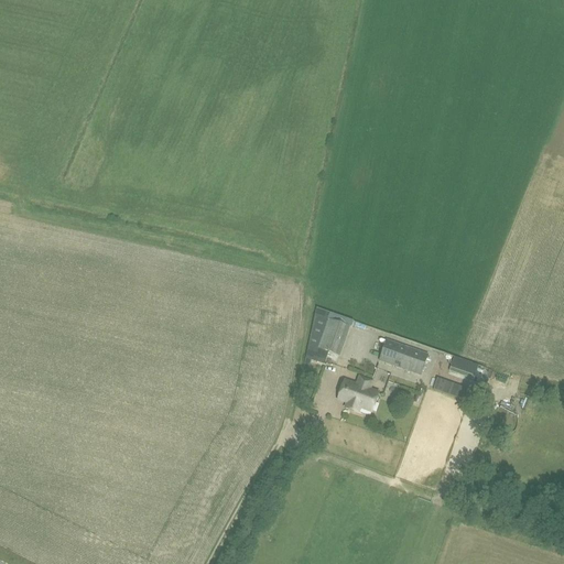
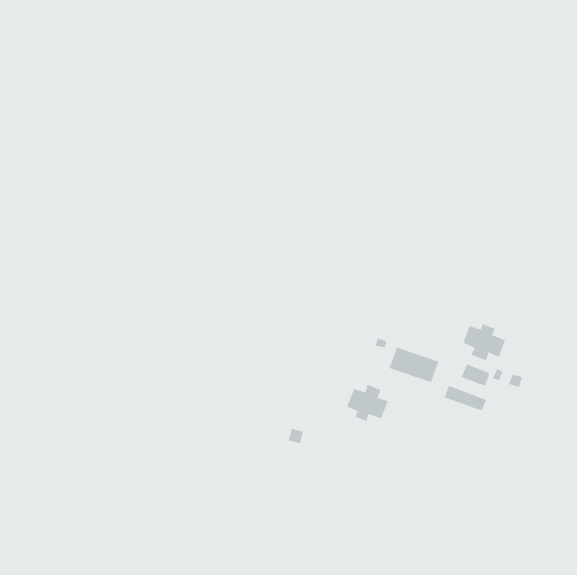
building: [304,312,350,362] -> none
building: none -> [463,323,506,361]

